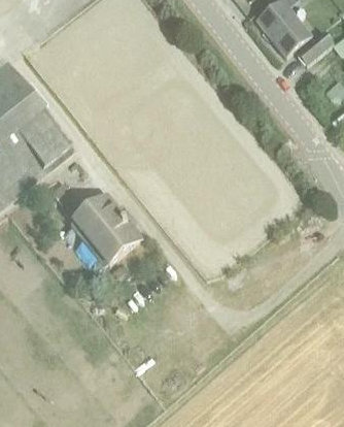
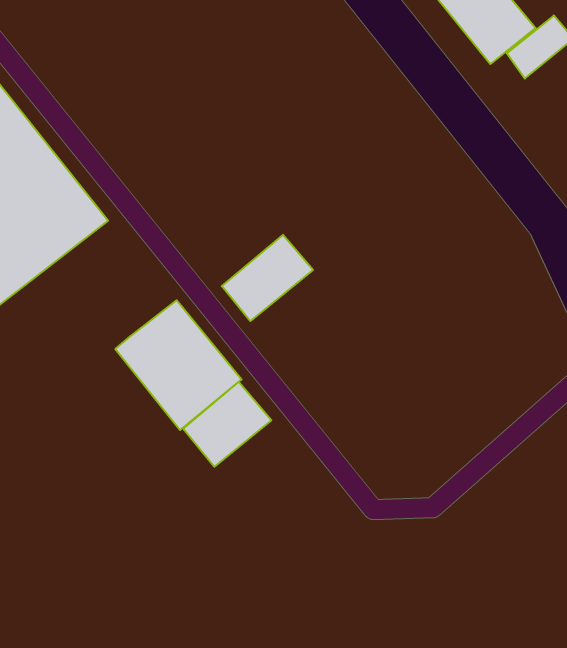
building: none -> [222,235,313,321]
building: none -> [183,382,271,467]

